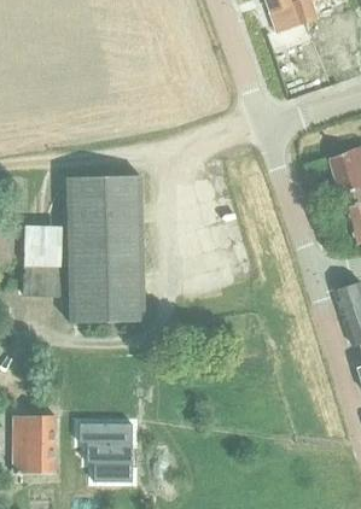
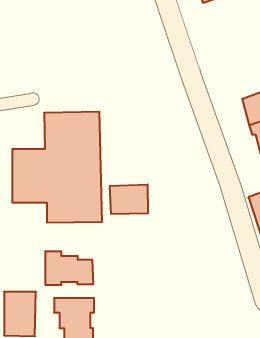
building: none -> [110,184,148,214]
building: none -> [46,251,93,285]

